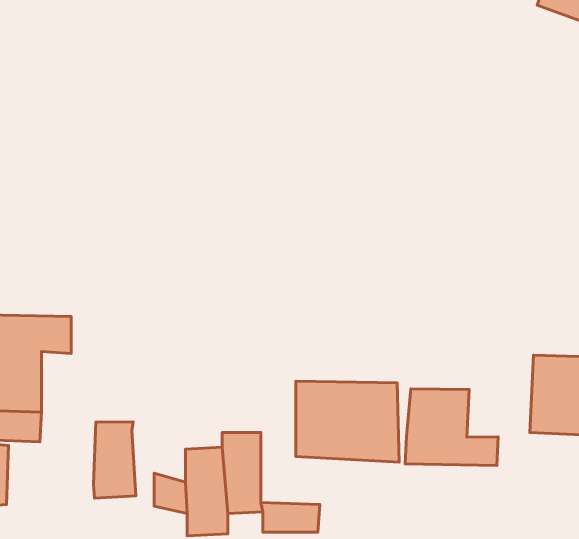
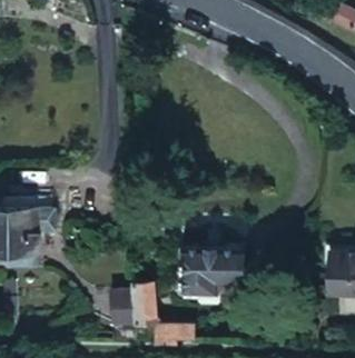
building: [405,389,498,466] -> none
building: [94,422,136,498] -> none

